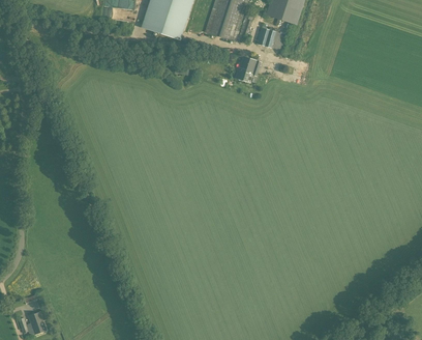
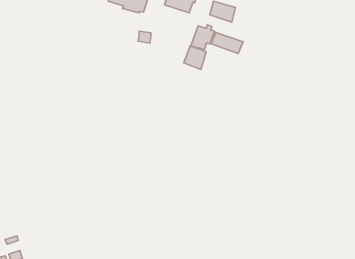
building: none -> [211,33,243,53]
building: none -> [184,46,206,69]

